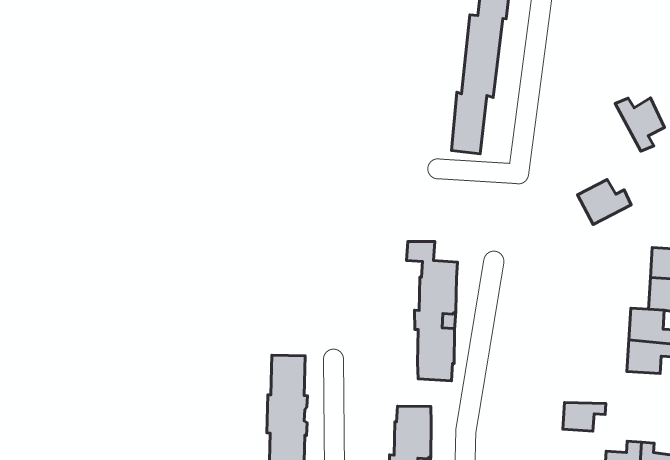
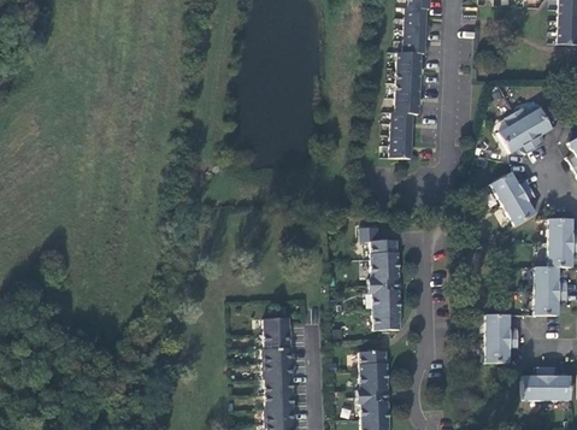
building: none -> [497,112,534,153]
building: none -> [501,188,536,224]
building: none -> [487,314,519,341]

